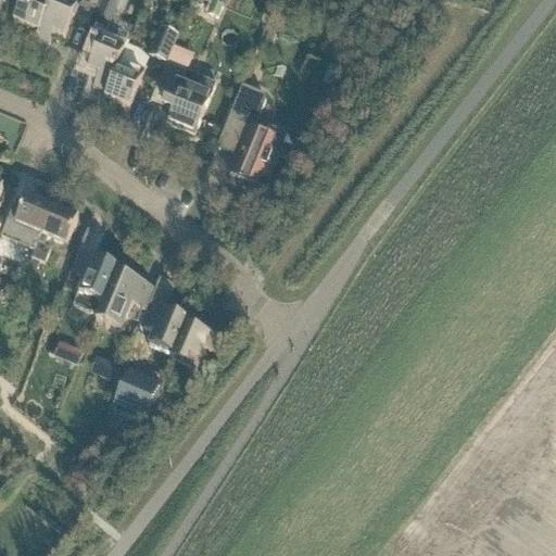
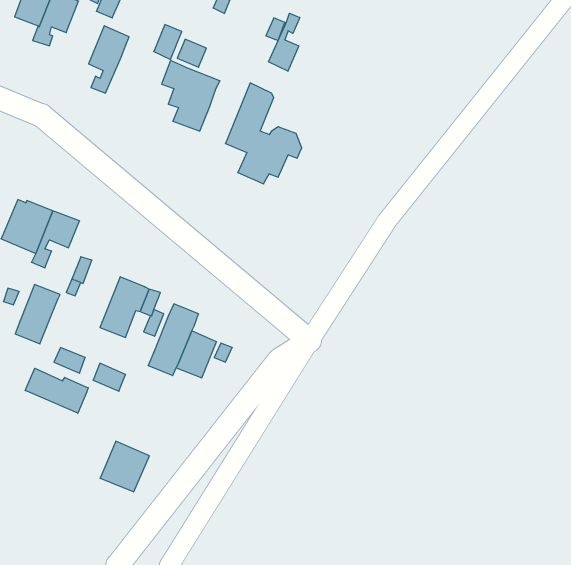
building: none -> [269,13,300,71]
building: [102,45,144,101] -> none
building: [75,254,118,312] -> [15,285,60,344]
building: none -> [25,368,88,413]
building: [112,366,160,415] -> [100,441,149,492]

